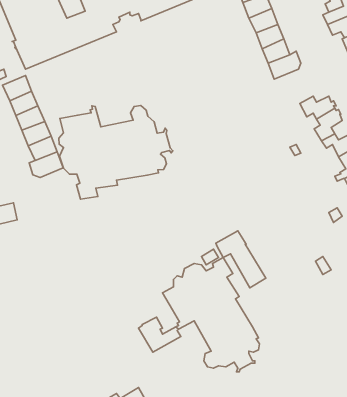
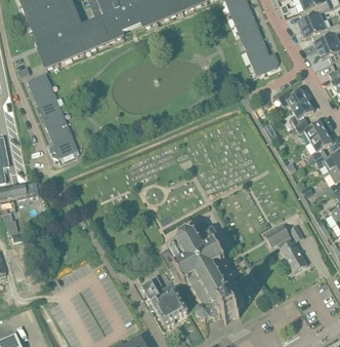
building: [59,105,173,199] -> none
building: [216,231,266,288] -> [265,224,307,272]
building: none -> [154,293,187,327]

